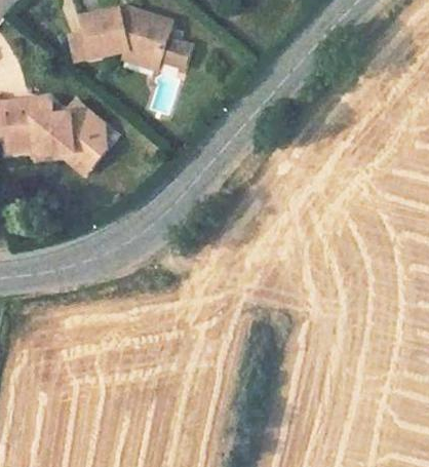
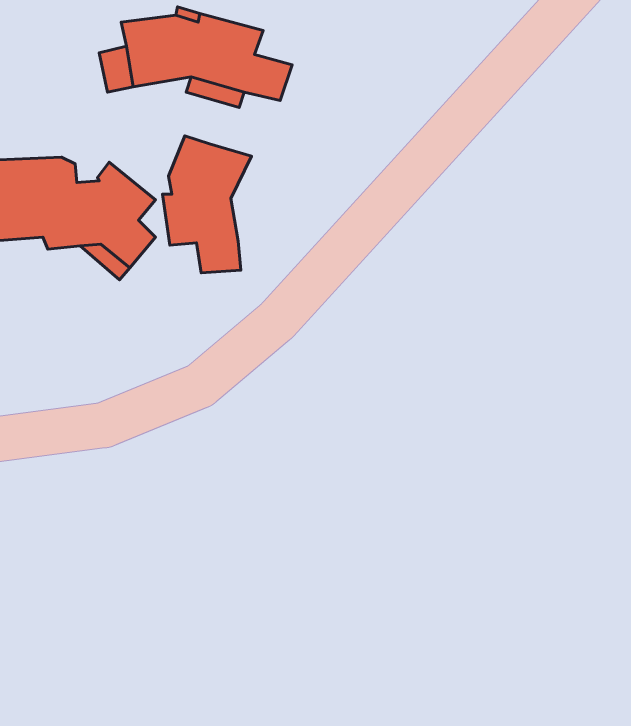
building: none -> [163,136,252,273]

